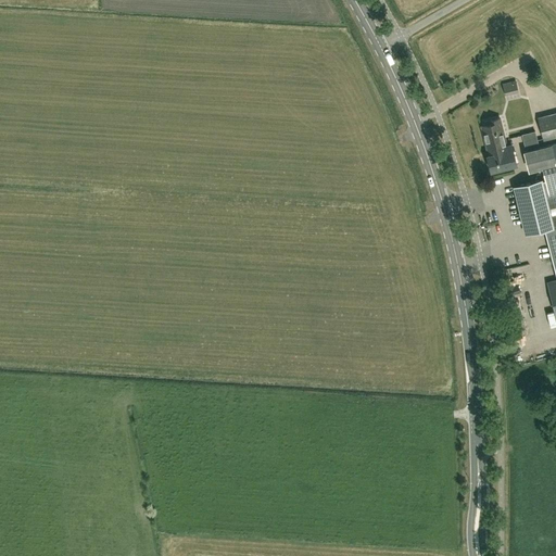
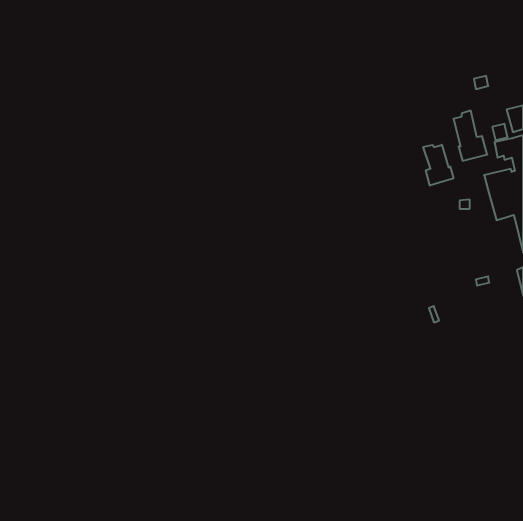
building: none -> [423,145,453,186]

